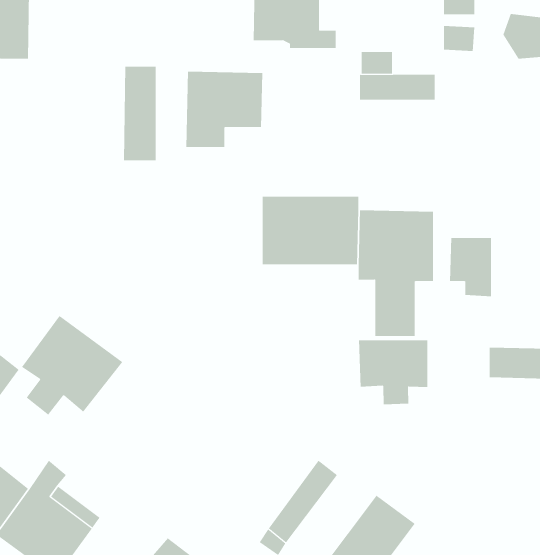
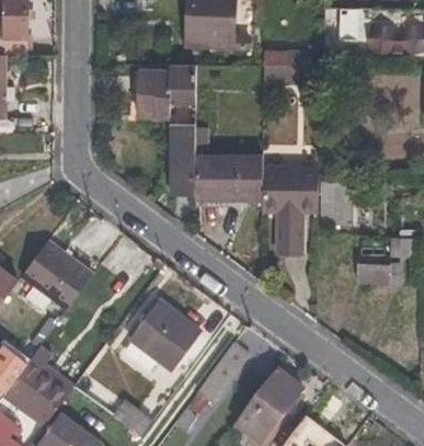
building: [123,66,157,161] -> [170,125,194,193]
building: [358,339,428,405] -> none
building: none -> [128,299,213,380]

